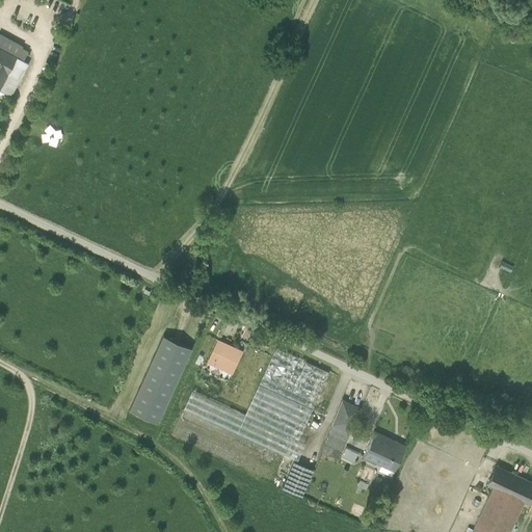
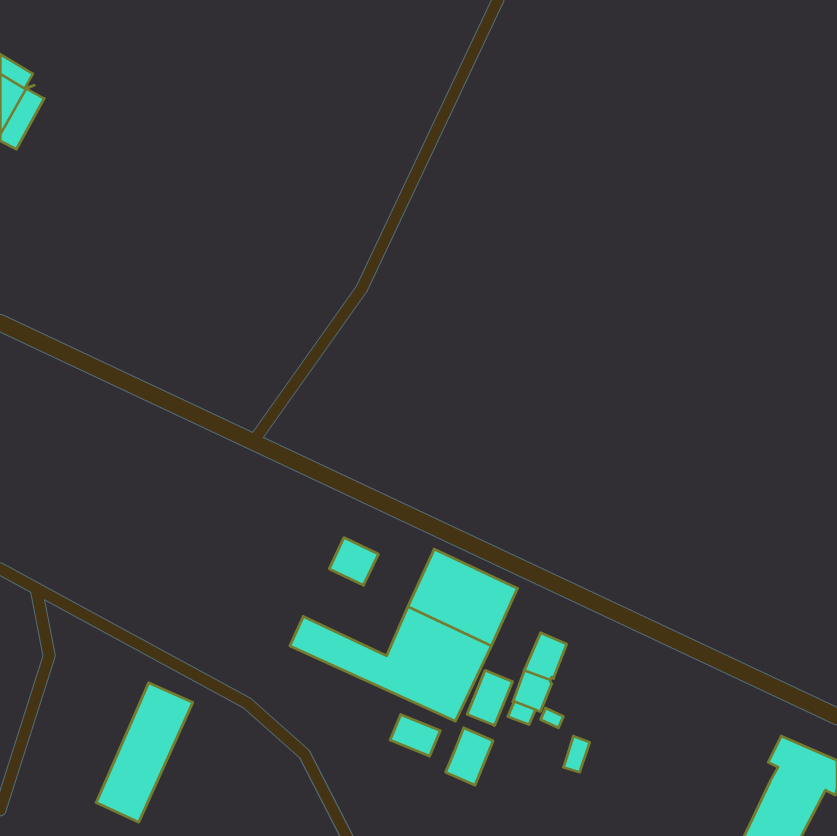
building: [130,336,191,424] -> [96,683,193,822]
building: none -> [467,670,512,726]
building: [364,434,405,473] -> none
building: none -> [390,714,440,756]

